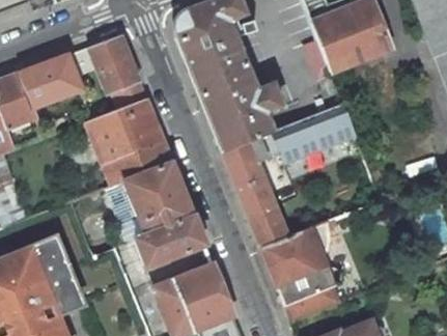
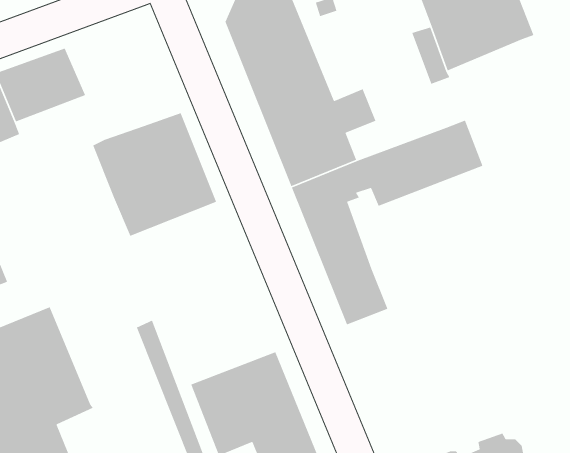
building: [89,33,148,108] -> none
building: [109,161,206,265] -> none
building: [262,222,336,321] -> none

